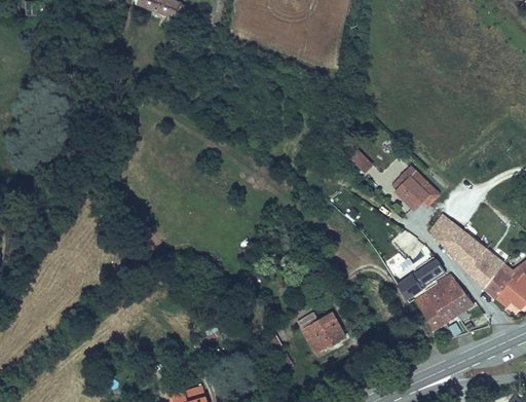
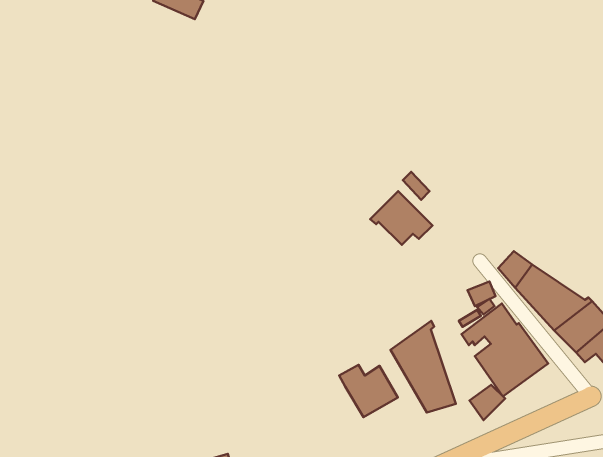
building: [388,165,441,210] -> [370,191,432,245]
building: none -> [391,321,456,413]
building: none -> [469,385,505,420]

